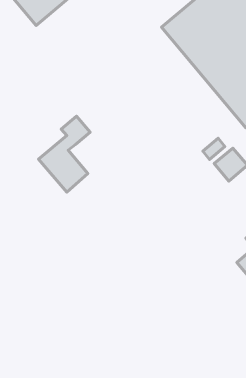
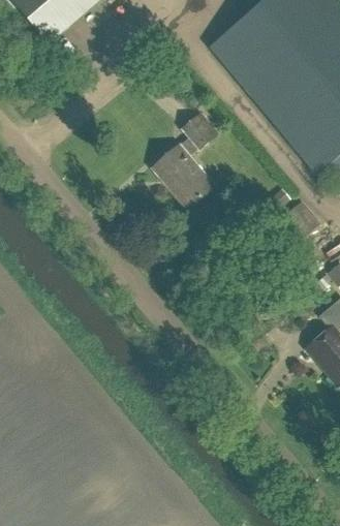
building: [38,116,90,192] -> [152,112,218,209]

